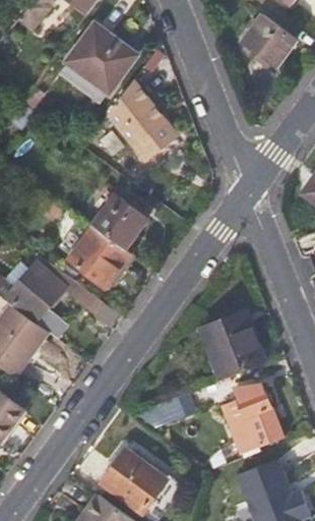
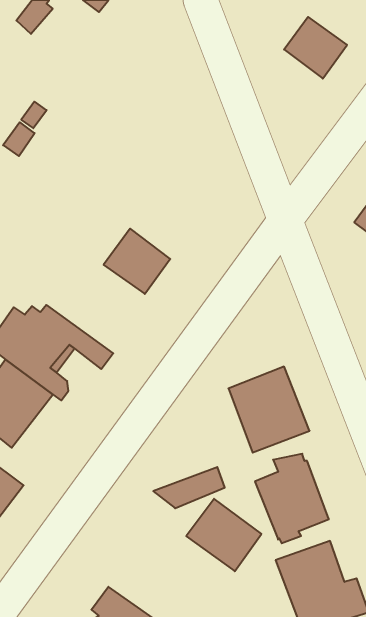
building: [68,22,139,93] -> none
building: [109,80,177,160] -> none
building: [68,224,135,288] -> none
building: [102,451,165,512] -> [186,499,261,571]

